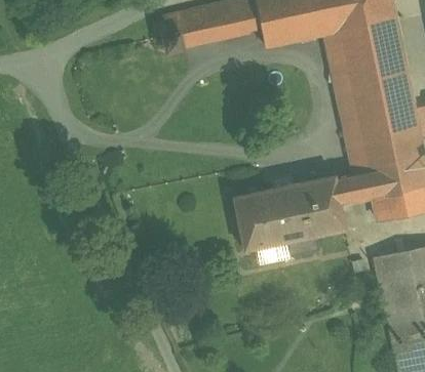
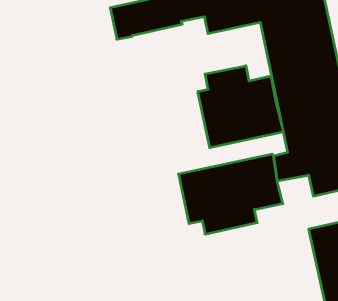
building: none -> [198,66,283,148]

